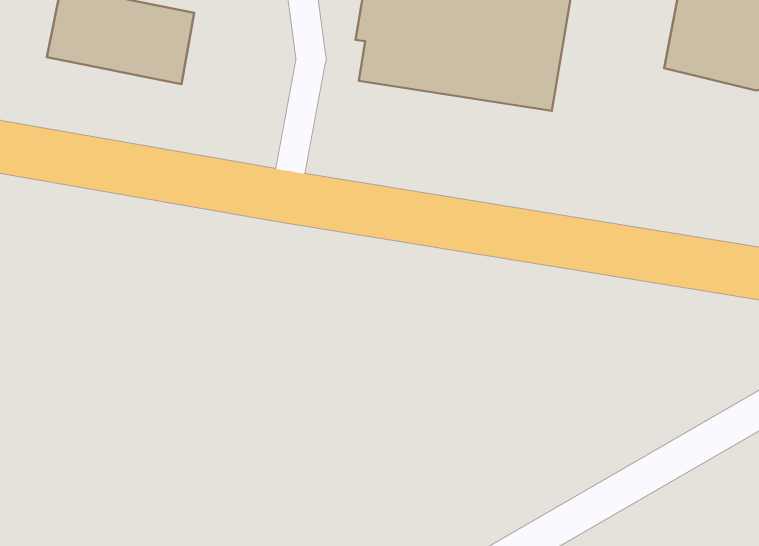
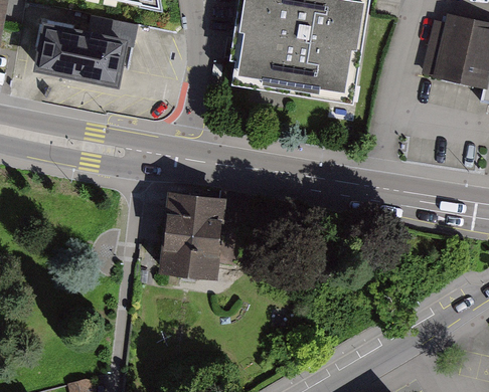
building: none -> [160,192,226,280]

